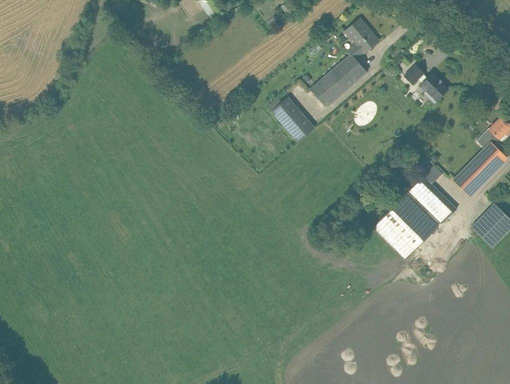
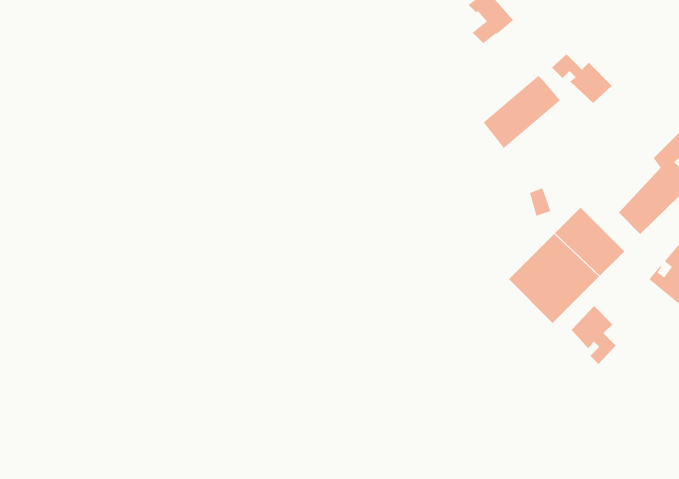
building: [311,53,367,106] -> [483,75,561,149]
building: [267,96,314,140] -> none
building: none -> [571,305,617,365]

